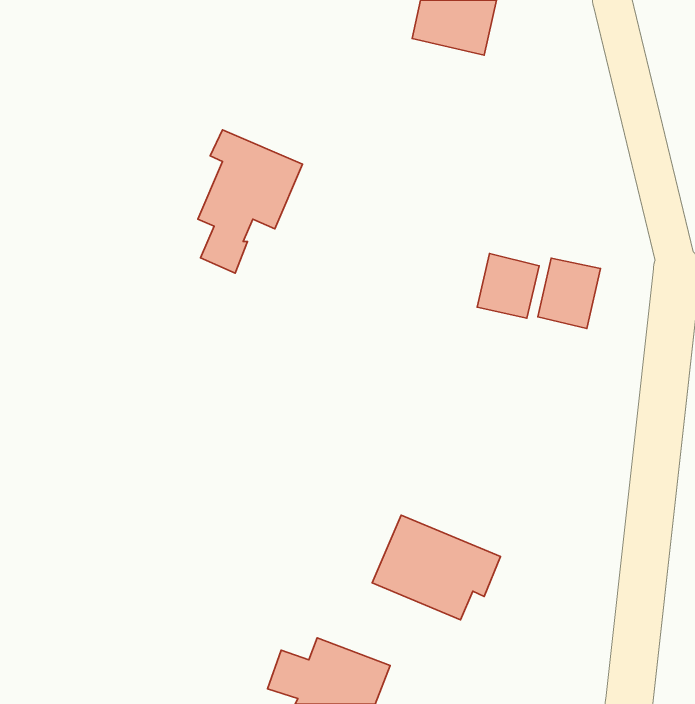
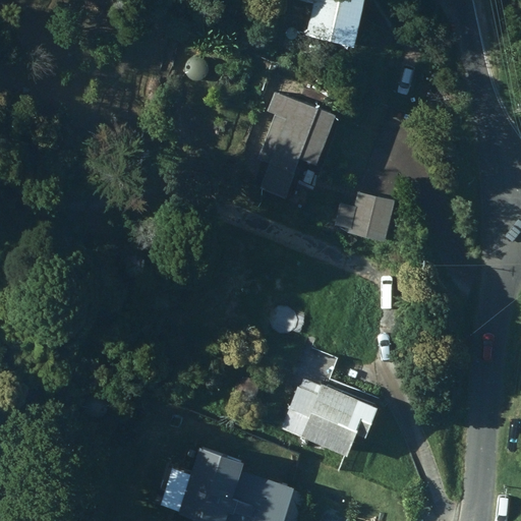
building: [198,130,303,273] -> [262,86,339,192]
building: [538,258,601,329] -> none

